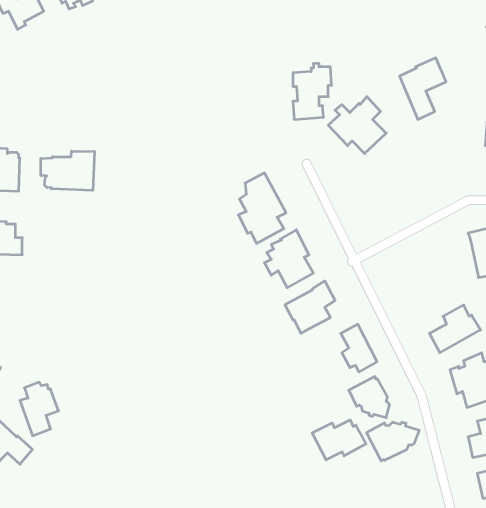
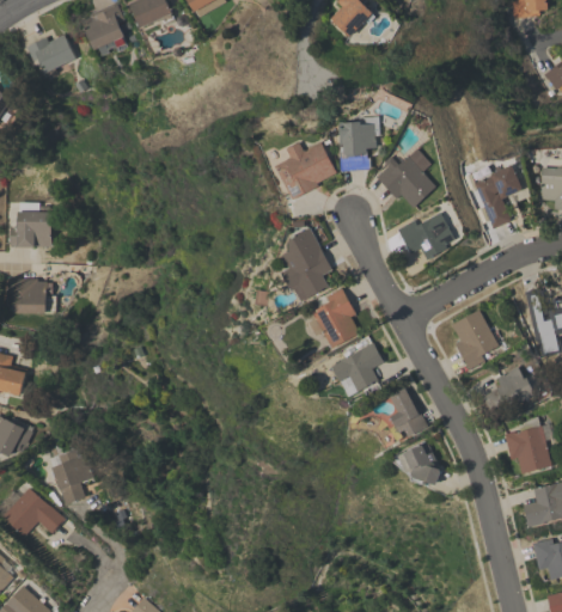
building: [400,58,446,119] -> [474,164,523,228]
building: none -> [274,141,336,200]
building: [41,151,94,190] -> none
building: none -> [397,212,454,259]
building: none -> [451,308,499,368]
building: [312,420,366,460] -> none
building: [367,422,419,461] -> none

